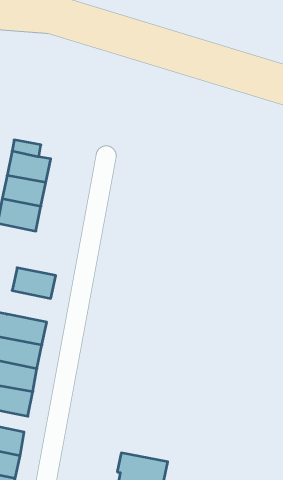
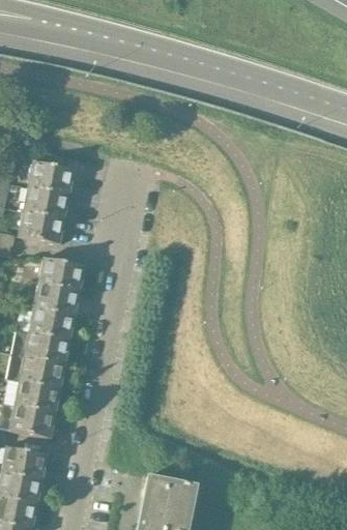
building: none -> [37,260,83,293]
building: none -> [27,308,73,342]

